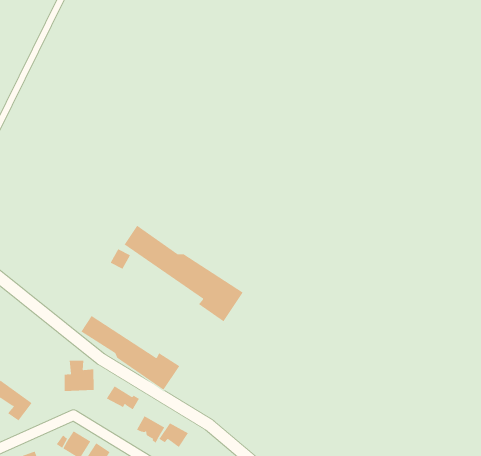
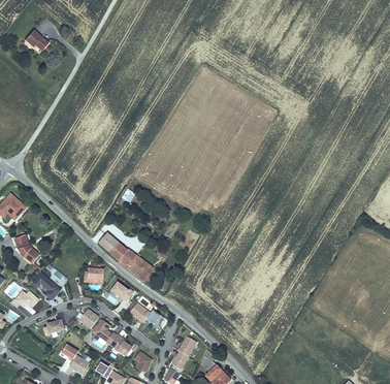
building: [124,225,244,322] -> none

